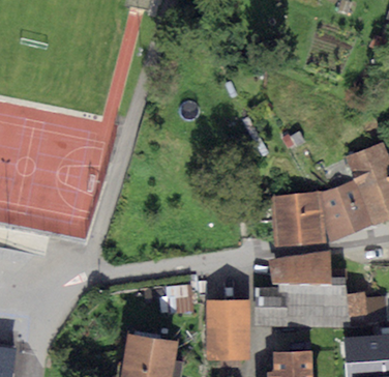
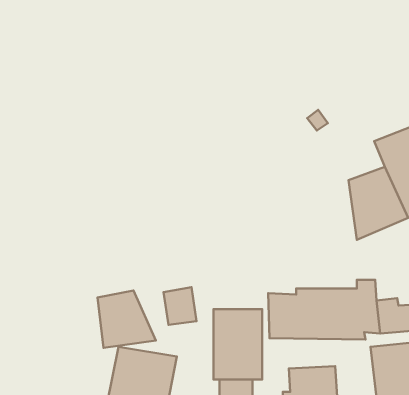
building: [269,192,325,247] -> none
building: [268,250,330,284] -> none
building: none -> [98,290,156,348]

